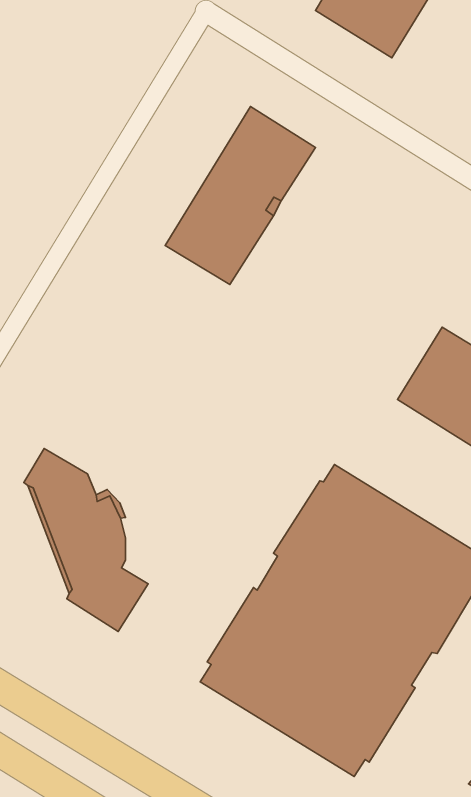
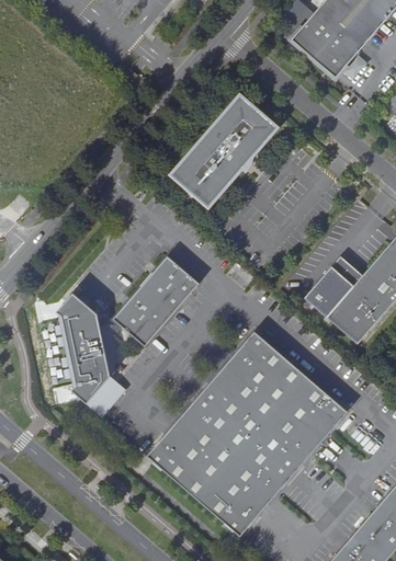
building: none -> [112,255,199,346]

